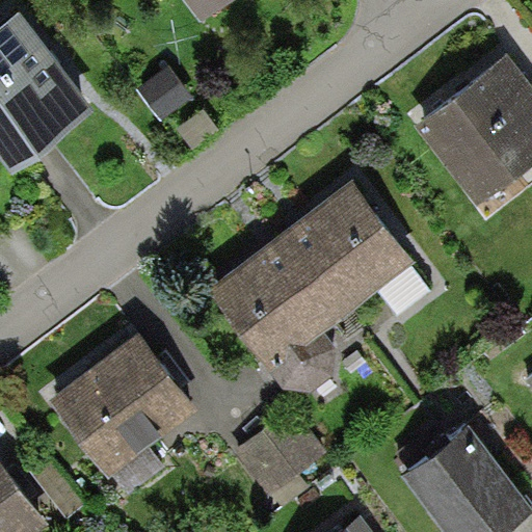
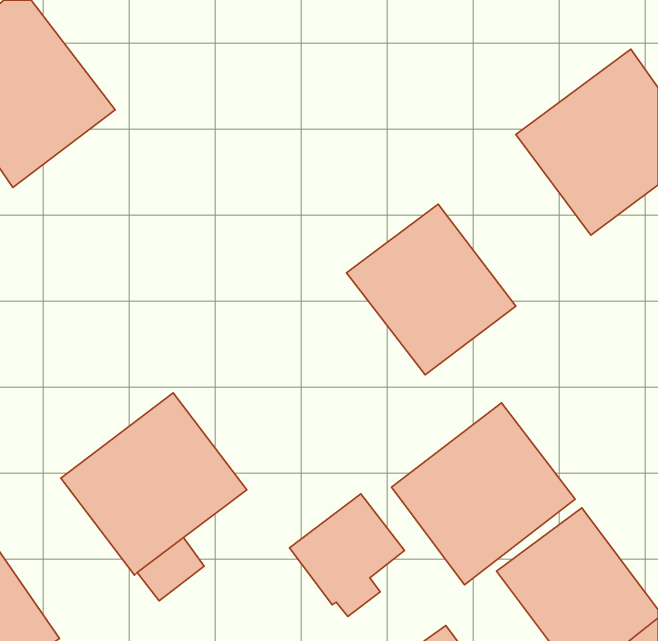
building: [208,235,342,398] -> none
building: none -> [391,403,575,585]

